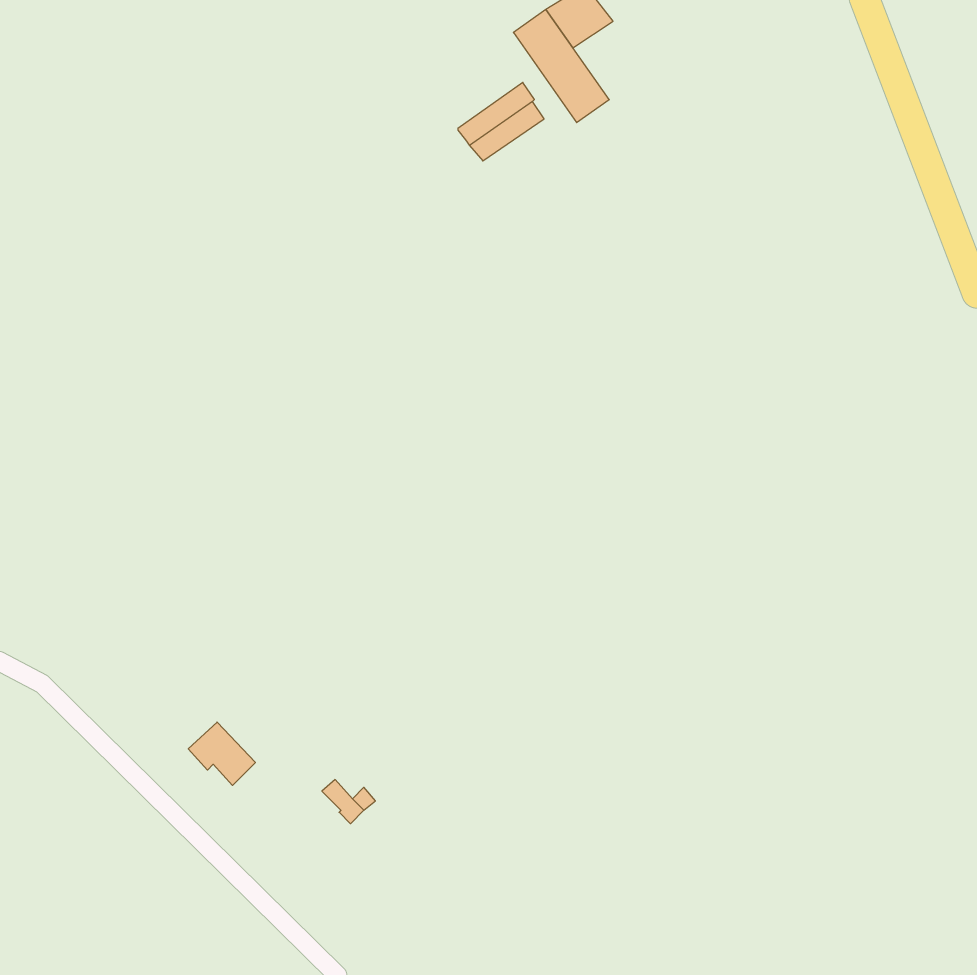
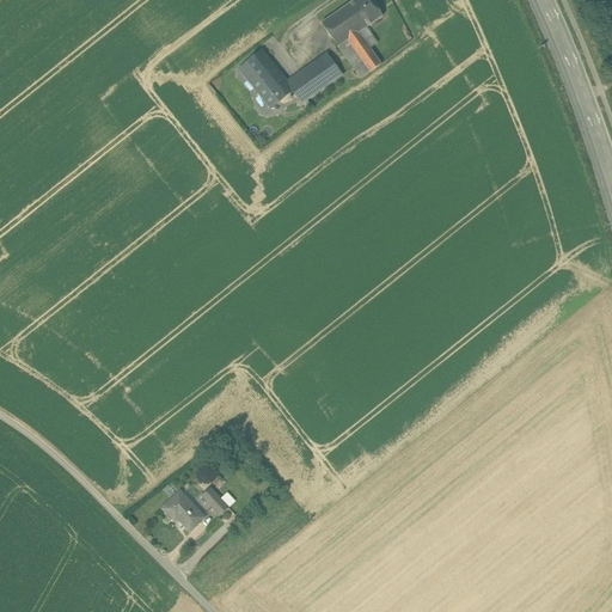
building: none -> [238,50,290,105]
building: [188,722,255,785] -> [161,490,203,530]

